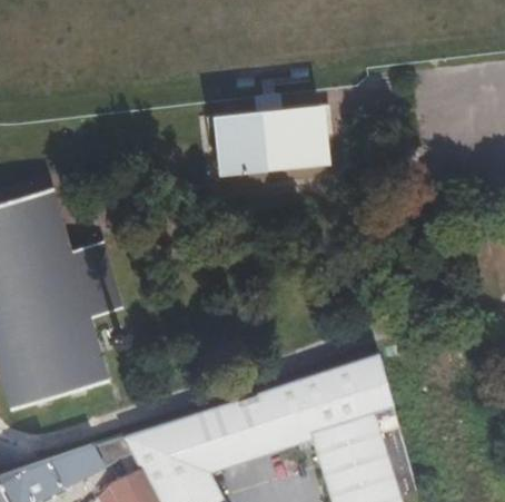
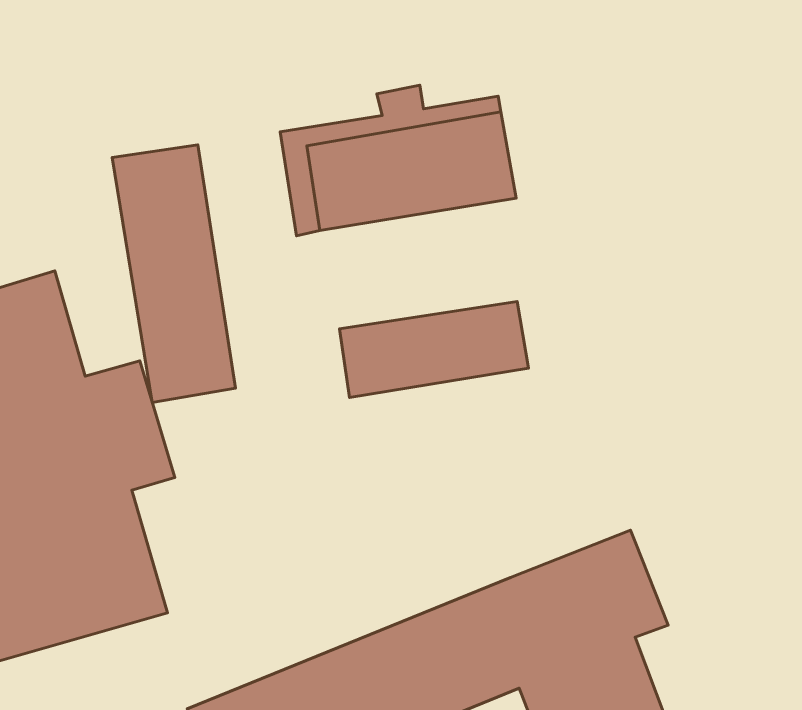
building: none -> [112,145,235,402]
building: none -> [339,302,529,397]

